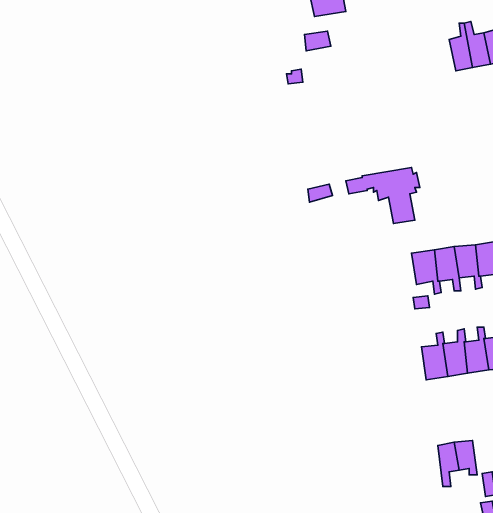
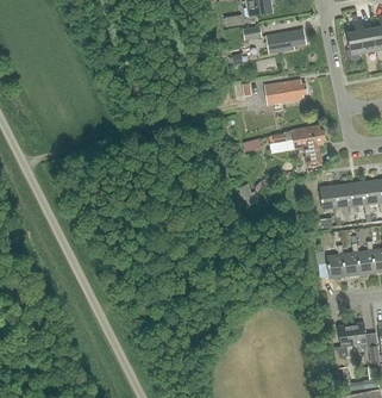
building: none -> [267,29,307,54]
building: none -> [265,79,308,104]

